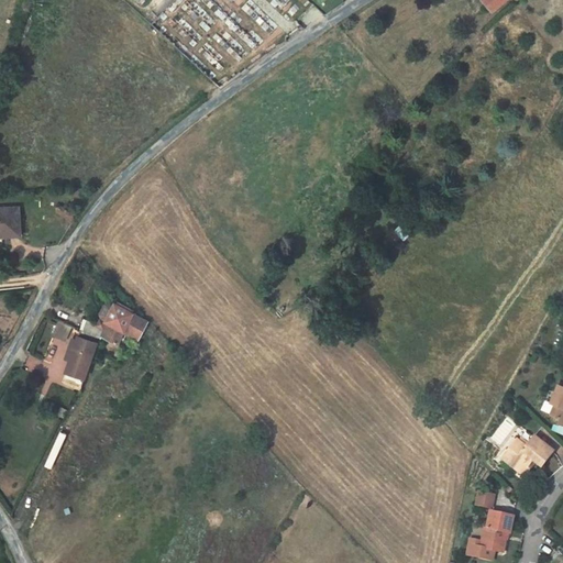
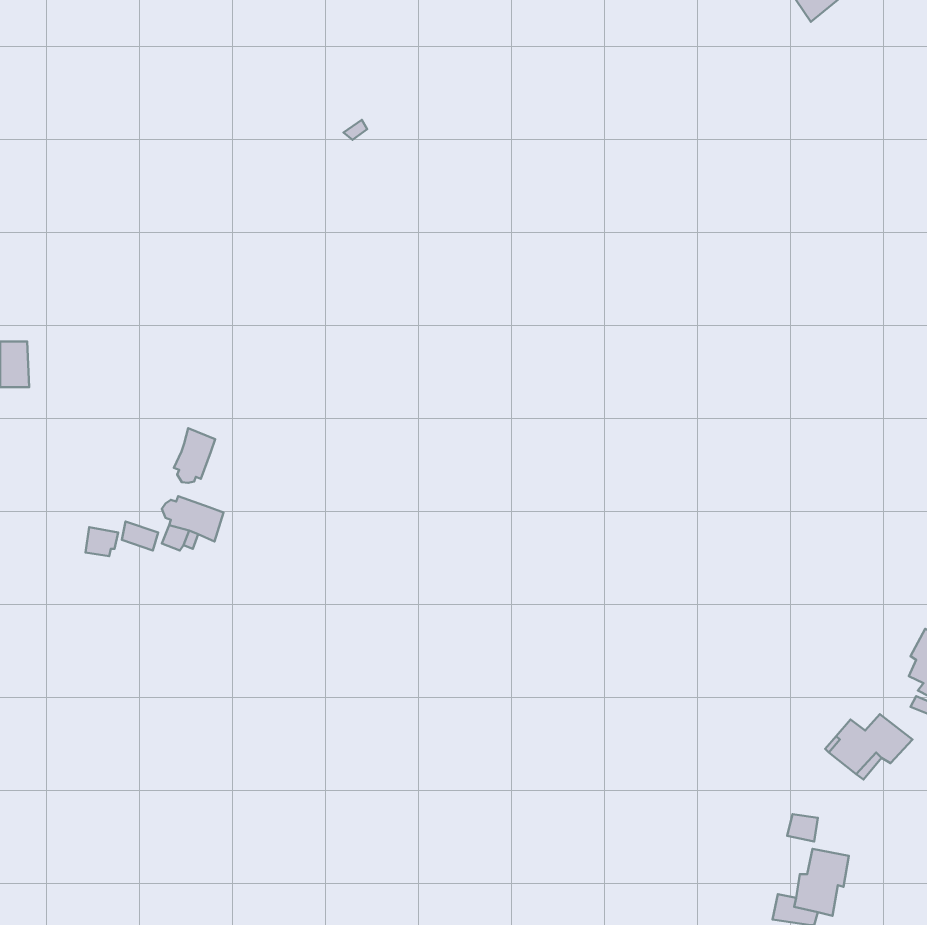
building: none -> [174,428,215,483]
building: [59,334,92,384] -> none

